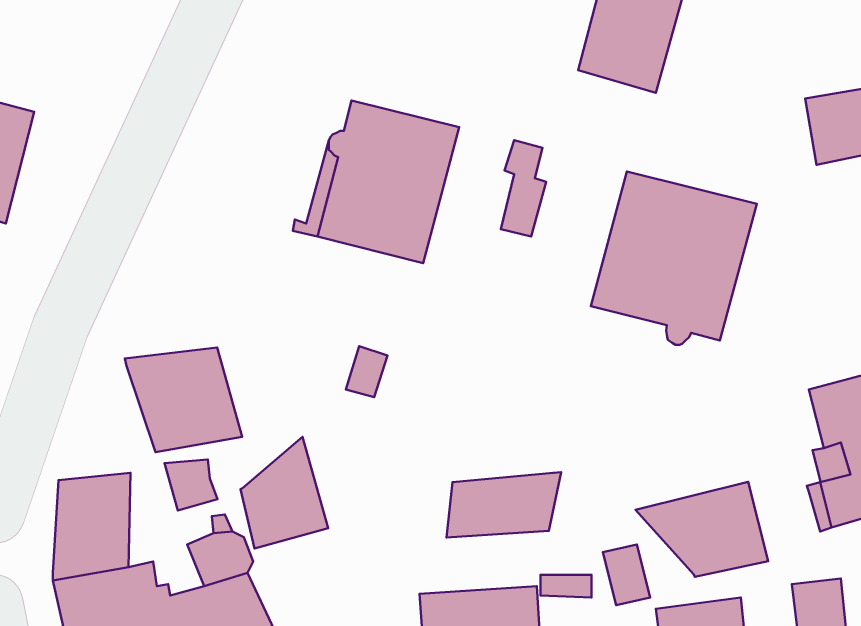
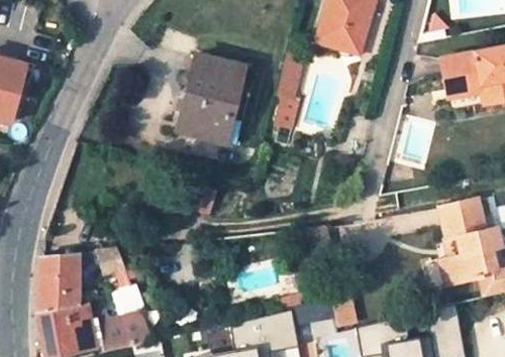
building: [591,171,757,345] -> none
building: [125,348,242,452] -> none
building: [240,437,328,549] -> none
building: [446,472,561,537] -> none
building: [636,482,768,577] -> none

